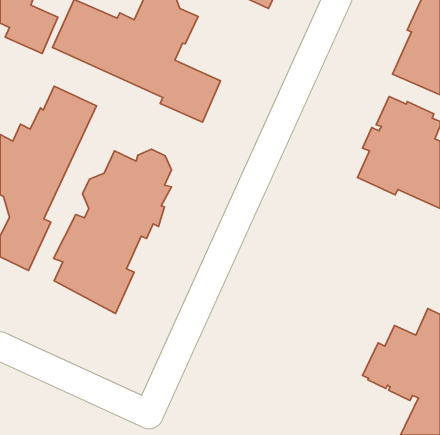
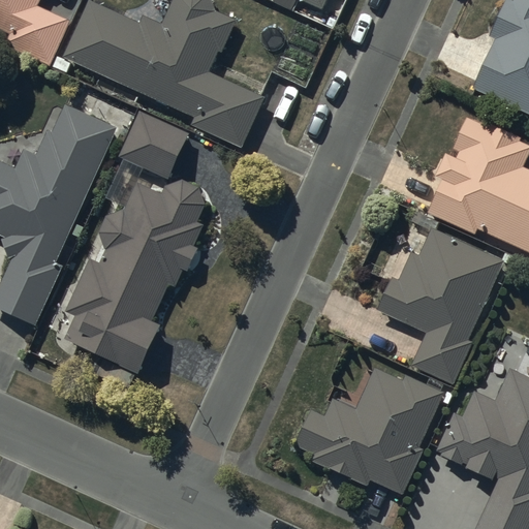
building: none -> [119,111,190,180]
building: none -> [378,225,505,382]
building: none -> [294,369,443,496]

